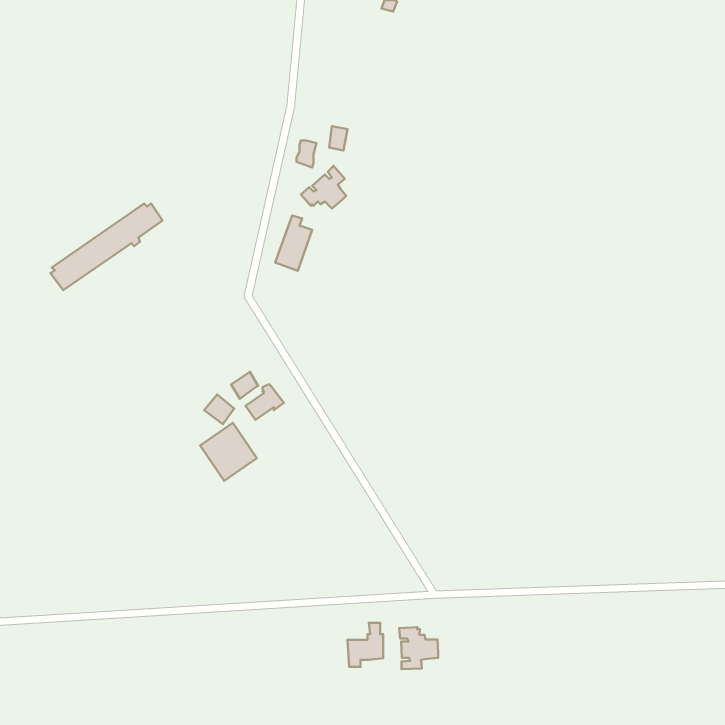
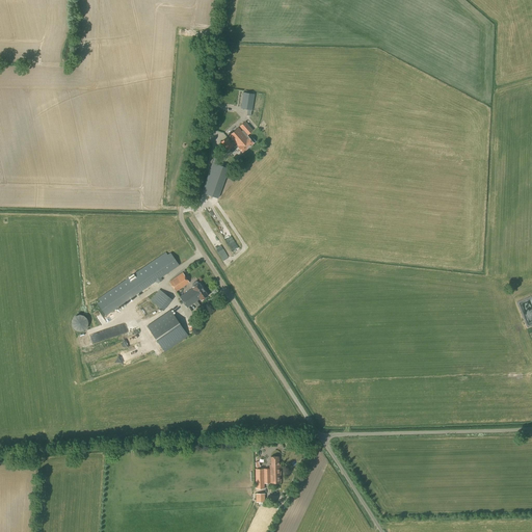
building: [51,204,163,290] -> [97,252,179,316]
building: [399,627,438,669] -> none

